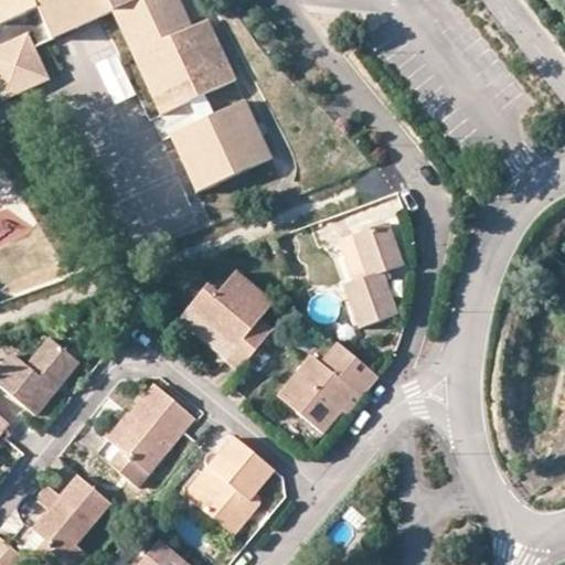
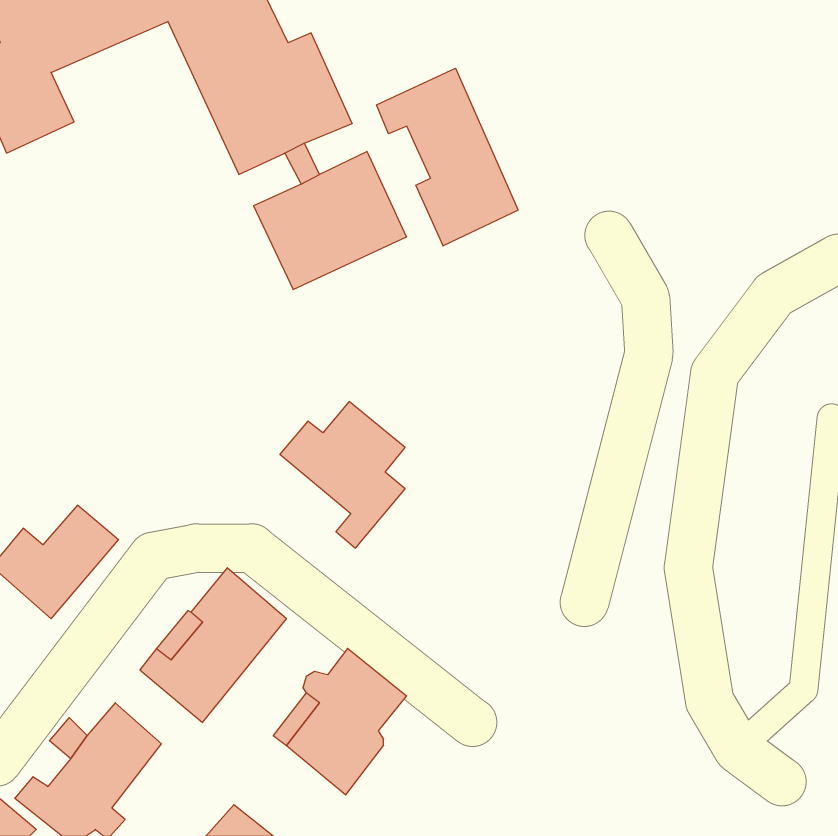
building: none -> [376,68,518,246]
building: [337,218,403,324] -> none
building: [277,341,377,430] -> none

